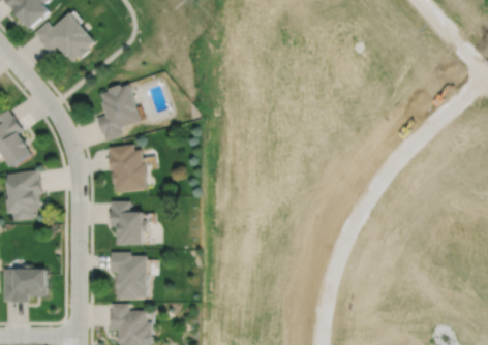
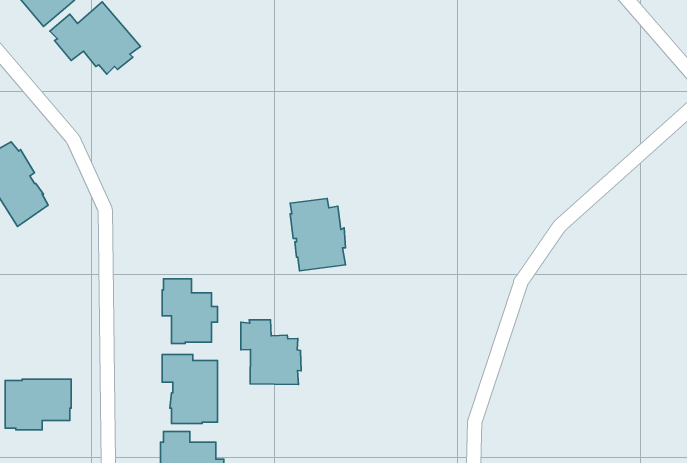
building: [96,84,141,140] -> none
building: [109,144,146,192] -> [290,199,346,271]
building: [7,169,43,220] -> none
building: none -> [241,320,301,384]

